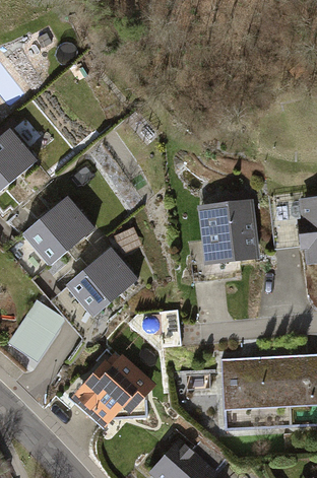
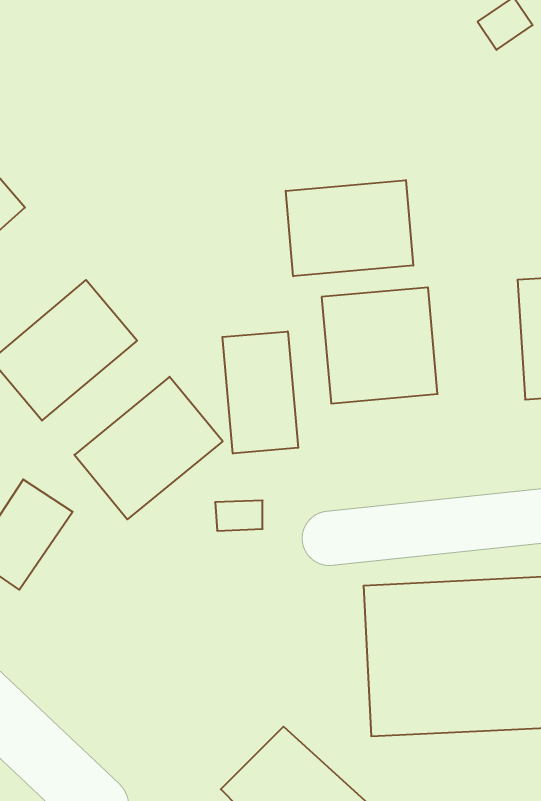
building: none -> [286,180,413,276]
building: none -> [222,331,298,454]
building: [69,353,154,426] -> none

